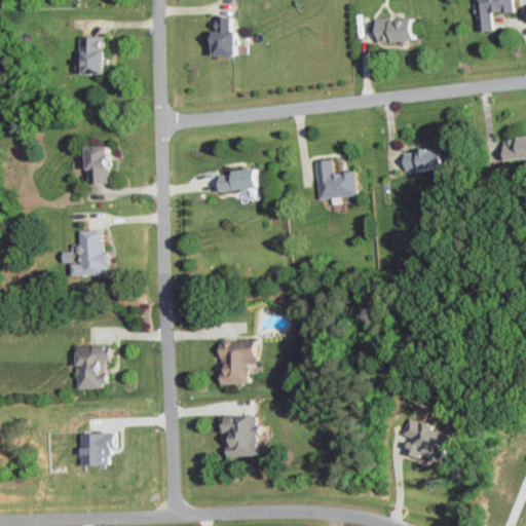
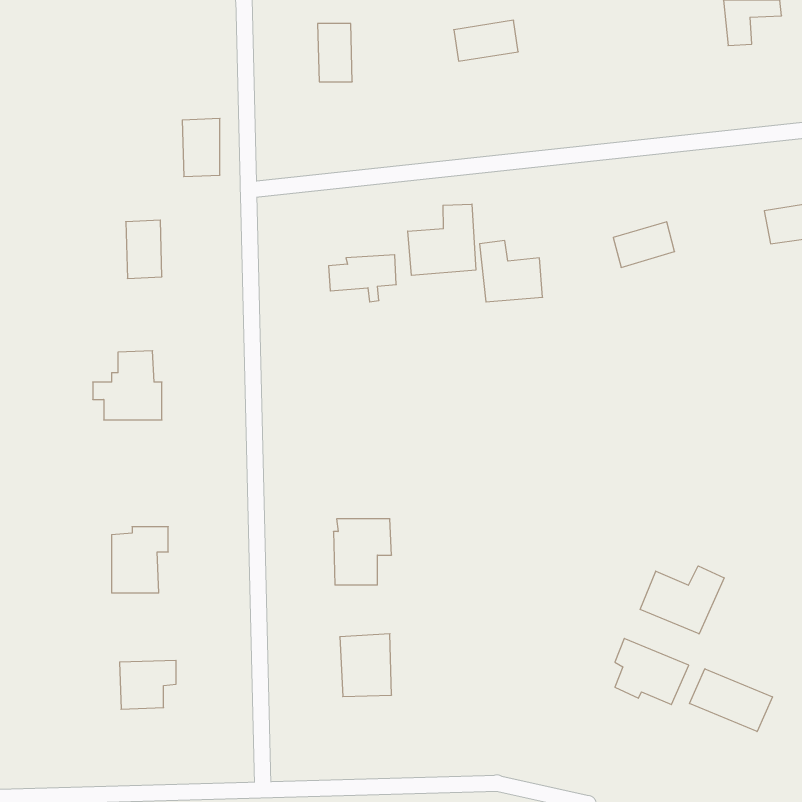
building: [372,17,414,44] -> [454,20,518,61]
building: [77,35,102,73] -> [182,118,220,177]
building: none -> [408,204,476,275]
building: none -> [640,566,724,634]
building: none -> [690,669,772,732]

